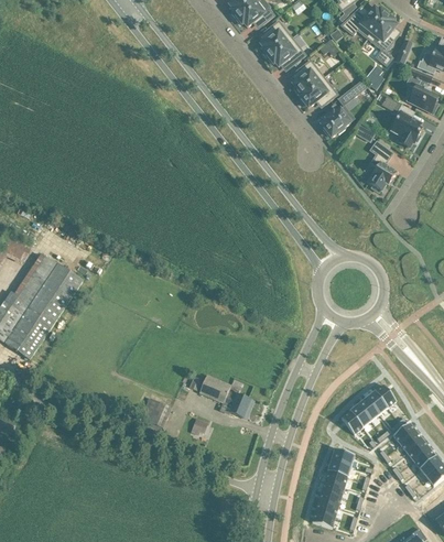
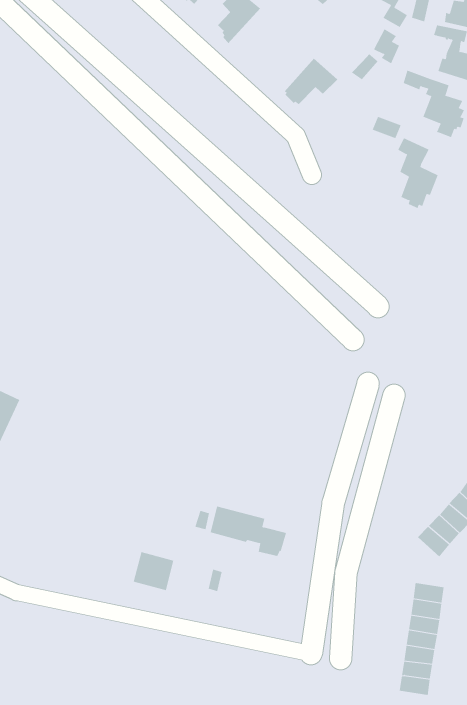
building: [266,36,305,66] -> none
building: [292,58,323,96] -> none
building: [321,108,349,137] -> none

